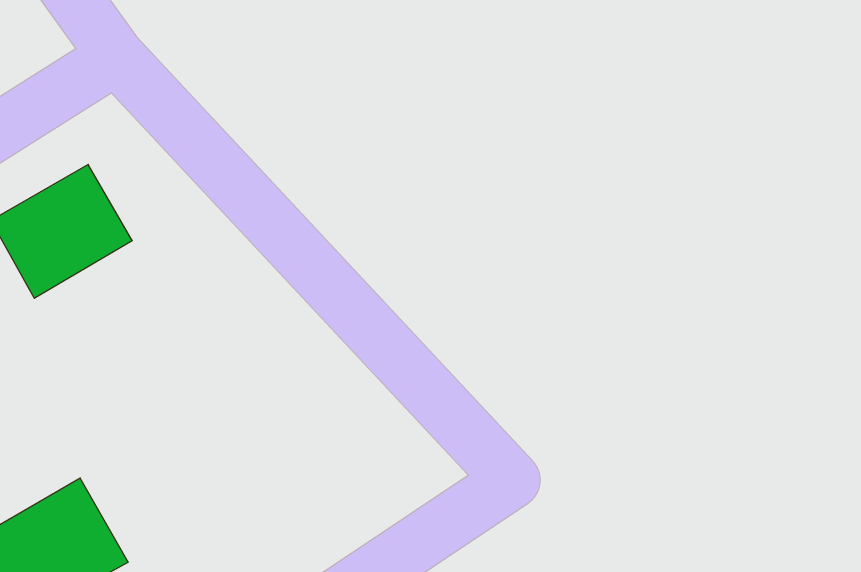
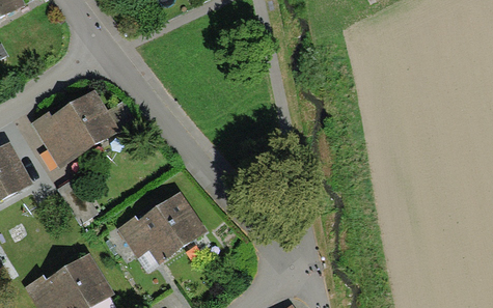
building: none -> [121,194,200,260]

